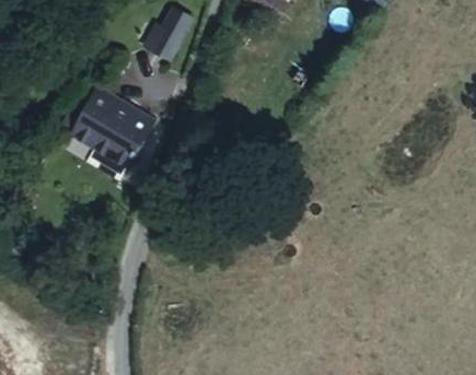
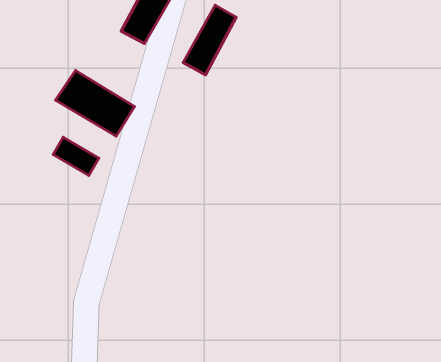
building: none -> [183,5,236,75]
building: [76,108,144,163] -> none

